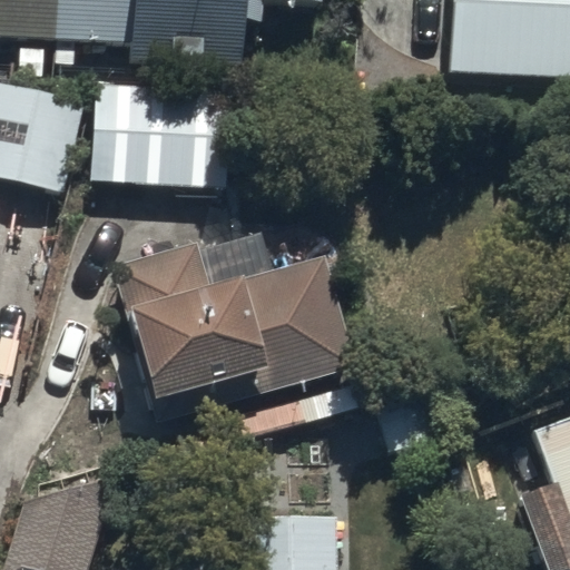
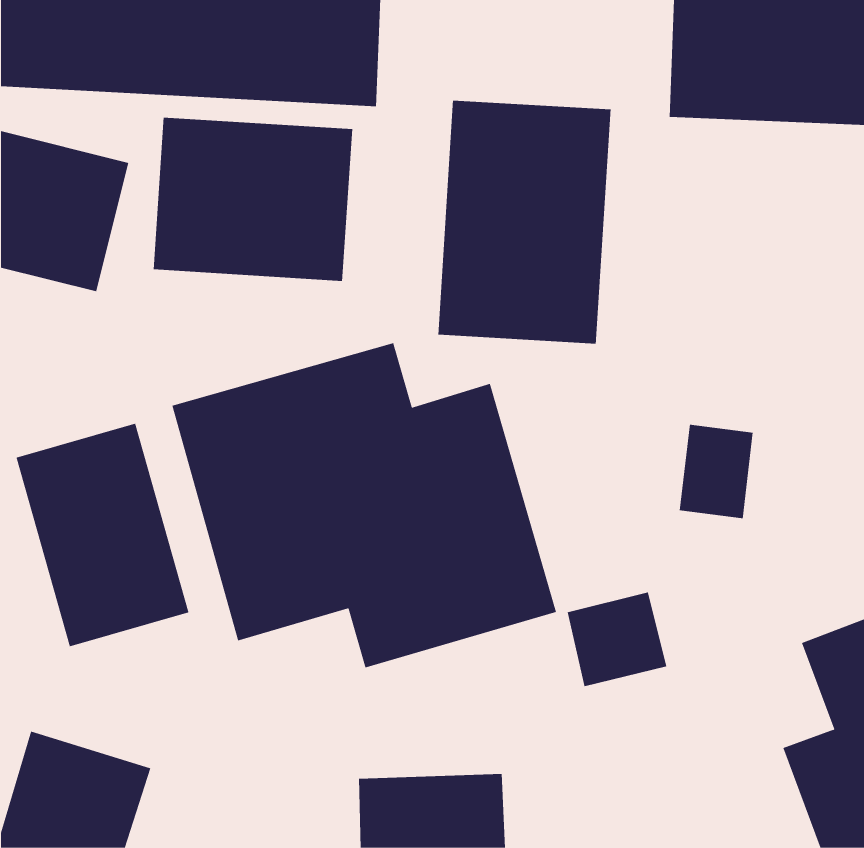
building: none -> [438,100,611,344]
building: none -> [16,423,189,647]

